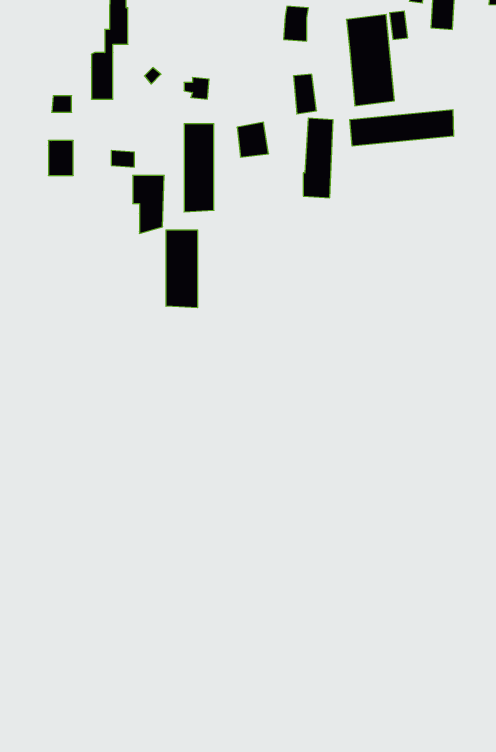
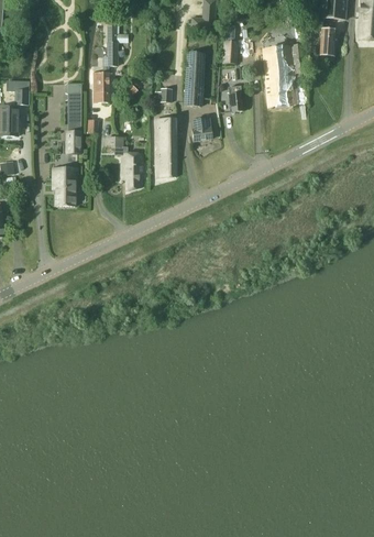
building: [350,110,454,146] -> none
building: [303,118,333,198] -> [184,51,204,103]
building: none -> [51,165,78,205]
building: [166,230,198,308] -> none

